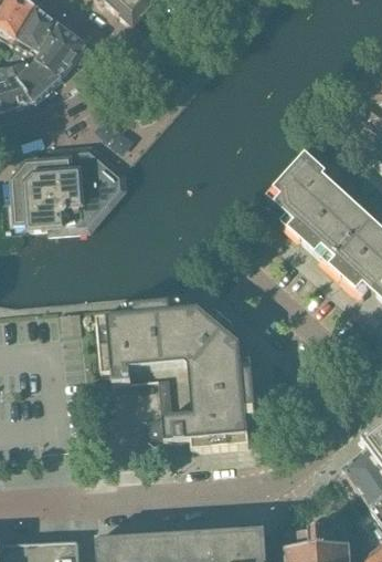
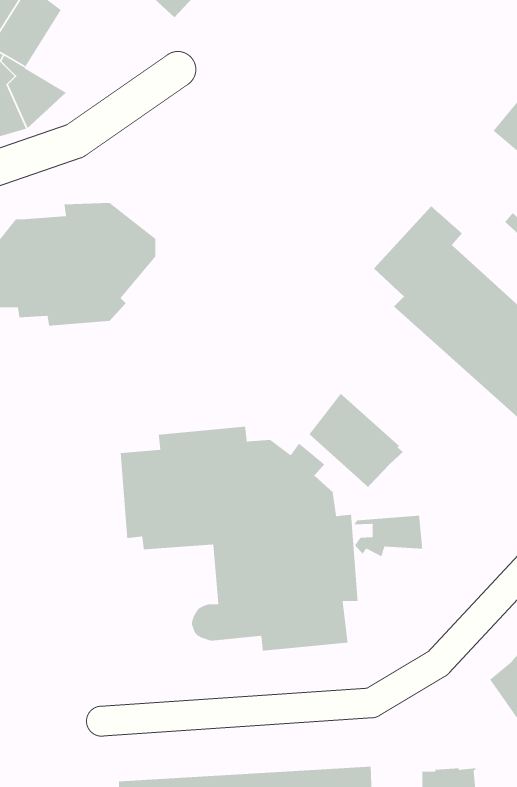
building: [34,22,86,77] -> none
building: none -> [309,393,404,488]
building: none -> [353,515,423,558]

